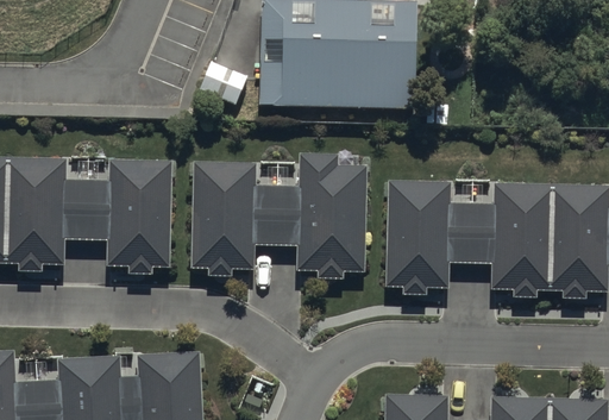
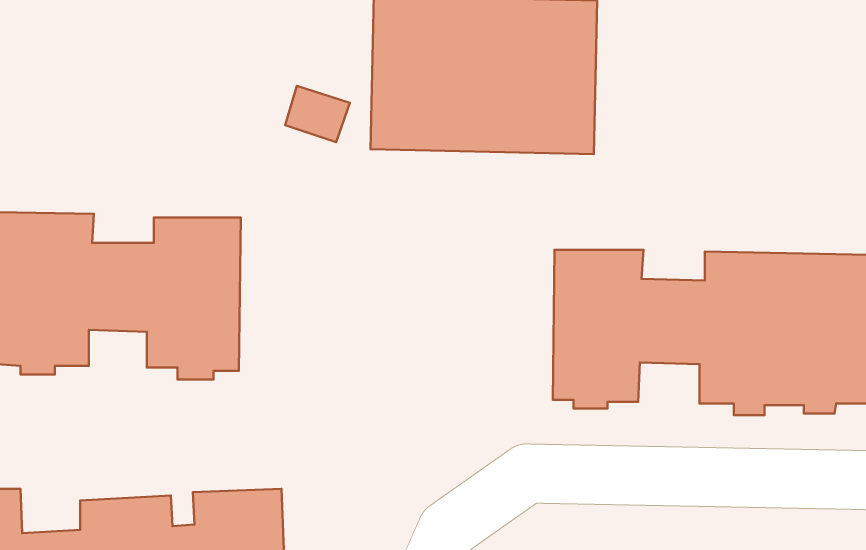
building: [192,152,368,280] -> none

